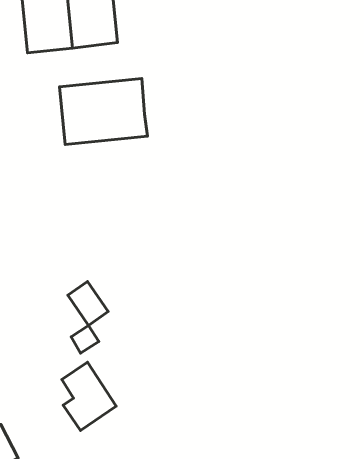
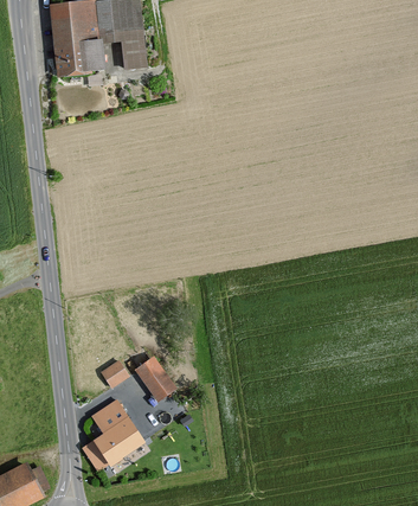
building: [60,79,147,144] -> none
building: [68,281,108,325] -> [134,356,175,401]

